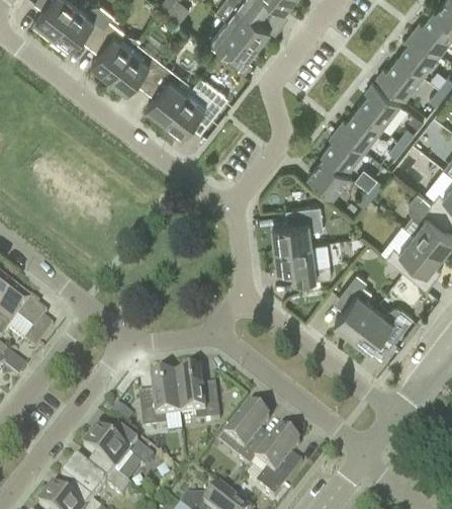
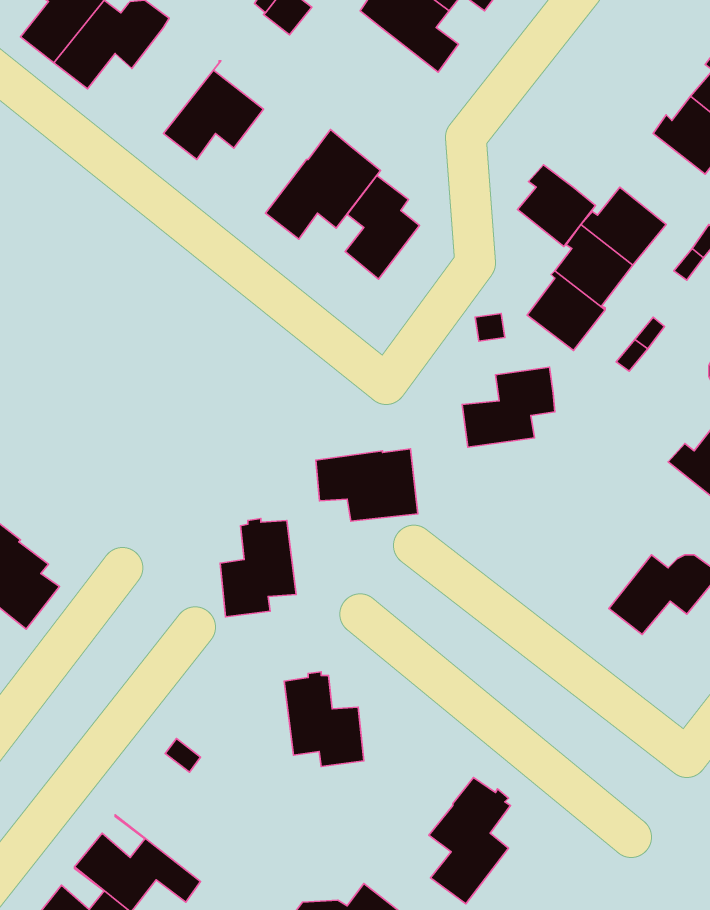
building: [210,19,260,59] -> none
building: [92,20,141,78] -> none
building: [148,65,188,121] -> [345,175,419,279]
building: [359,83,401,128] -> [517,165,595,246]
building: [276,243,332,282] -> [316,449,418,521]
building: [335,274,376,337] -> none
building: [140,375,181,429] -> [220,518,296,617]
building: [224,405,269,468] -> none
building: [85,431,154,486] -> none

